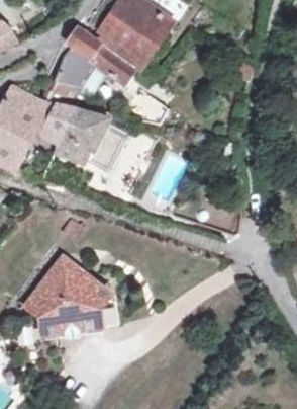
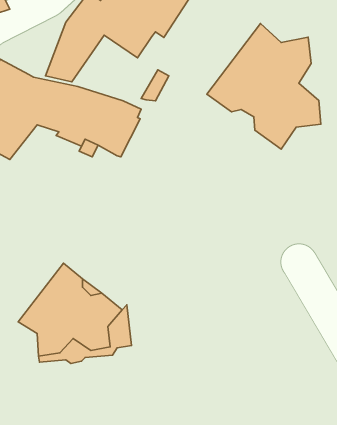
building: none -> [207,23,321,149]

